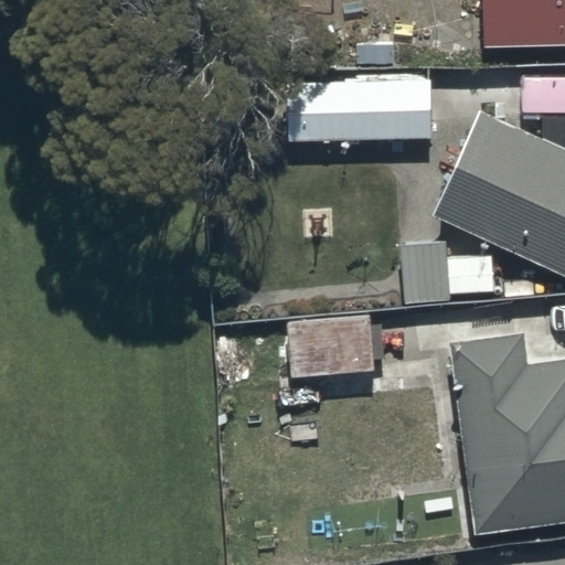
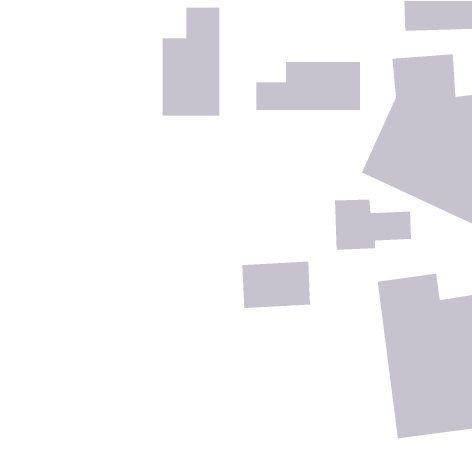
building: none -> [162,7,220,116]

